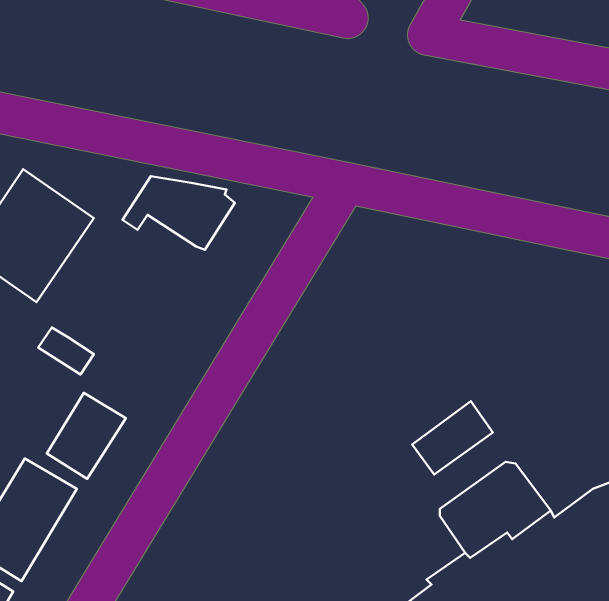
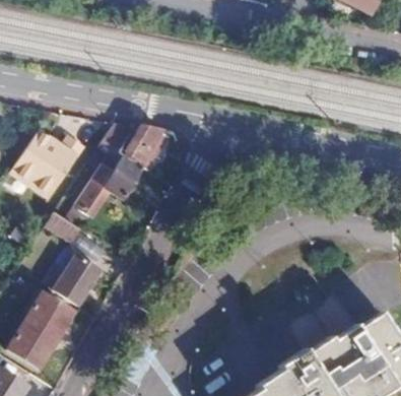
building: none -> [75,147,143,217]
building: [412,401,493,474] -> none

